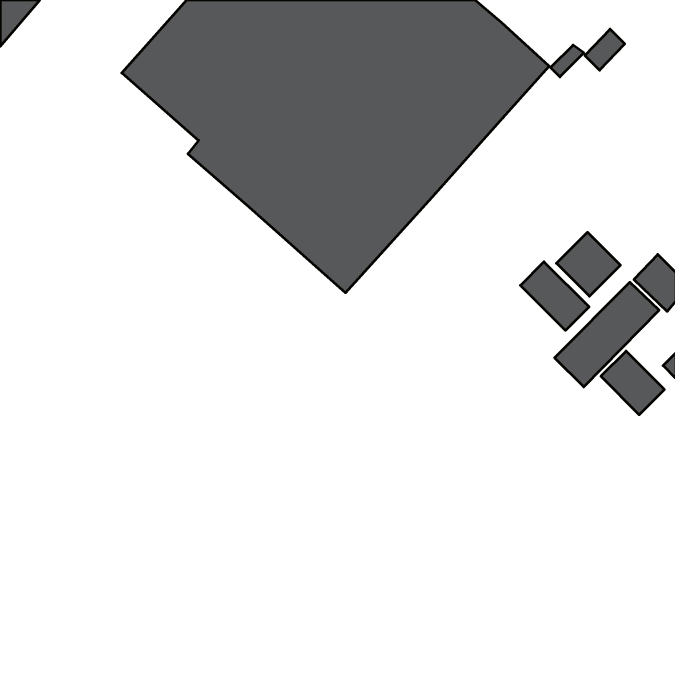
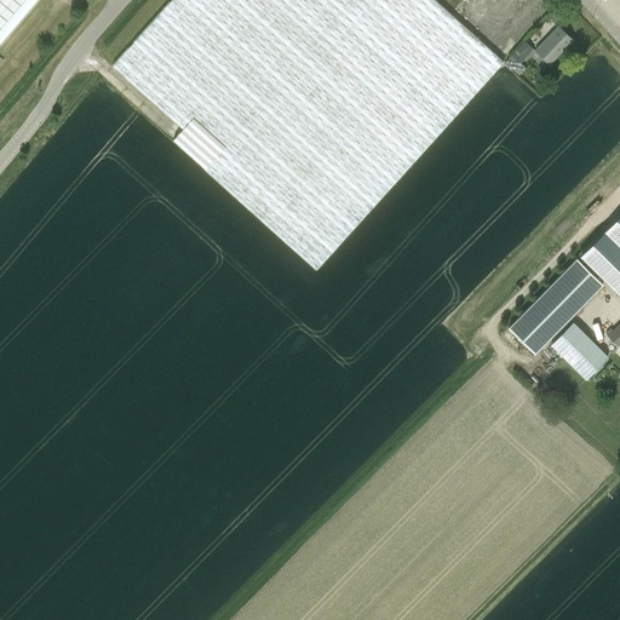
building: [556,232,620,296] -> none
building: [520,262,589,330] -> none

